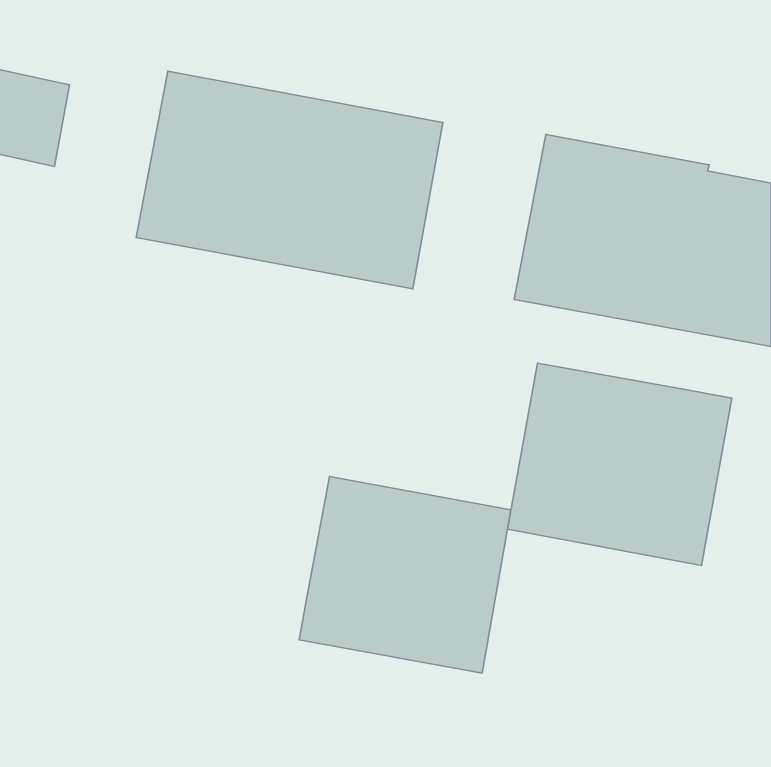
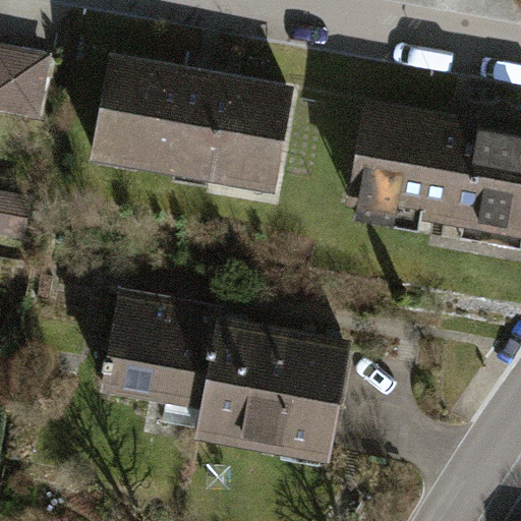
building: [508,363,732,565] -> none
building: none -> [106,297,223,406]

